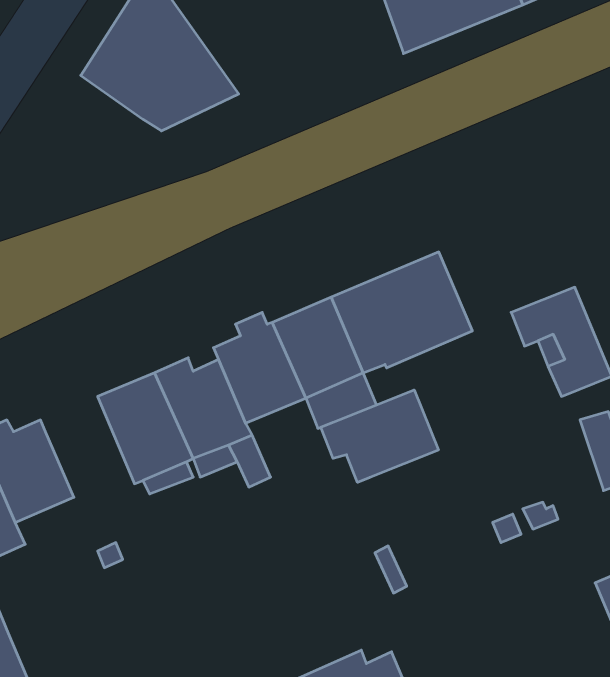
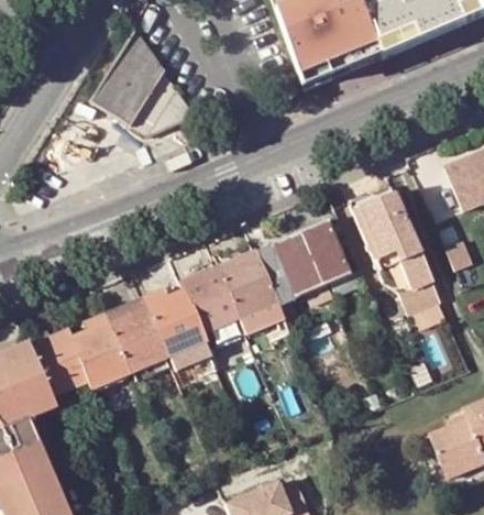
building: none -> [351,188,417,258]
building: [321,390,438,482] -> none
building: none -> [70,313,129,385]

